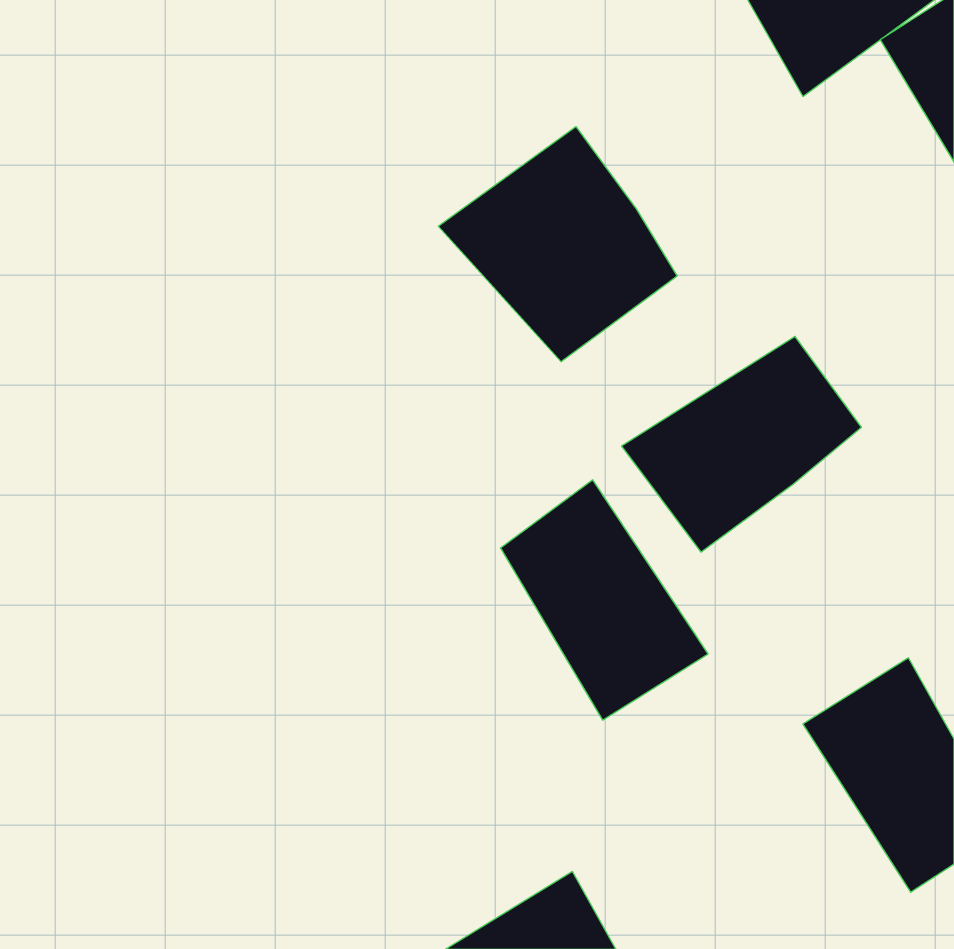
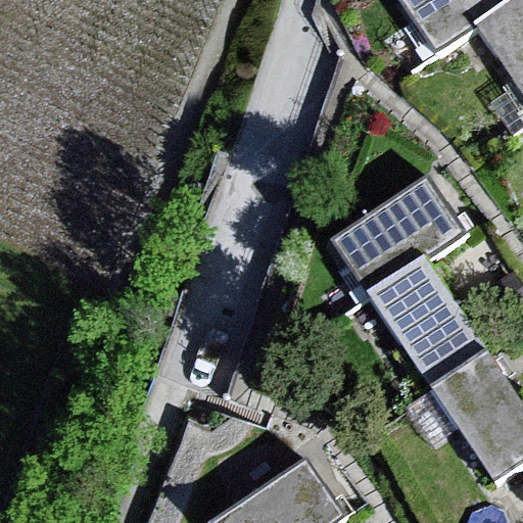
building: [438,127,677,362] -> none
building: [500,480,708,720] -> [379,262,491,391]

